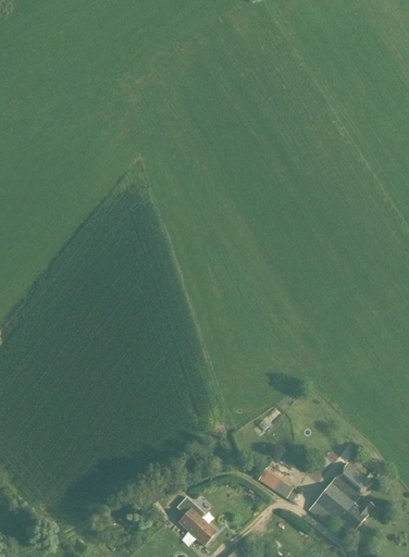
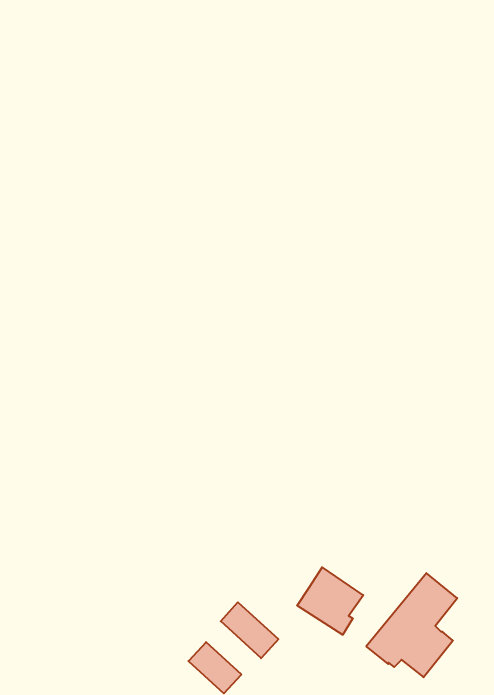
building: none -> [221,602,278,658]

